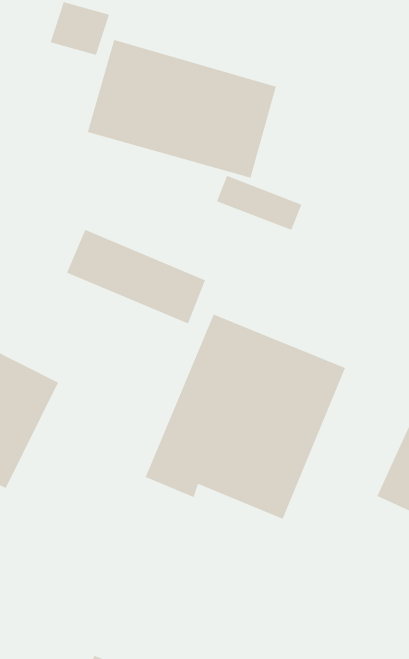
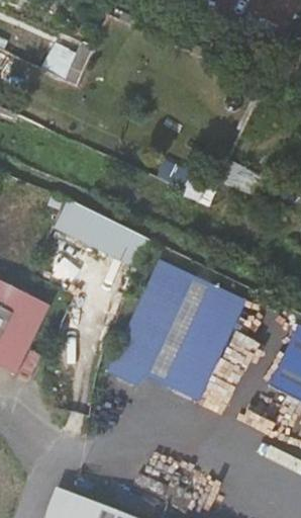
building: [87,39,277,179] -> none

